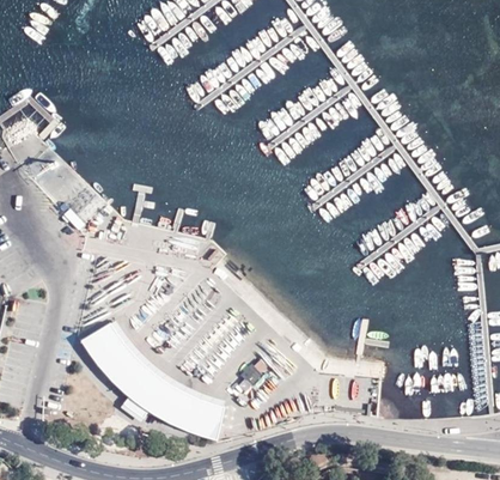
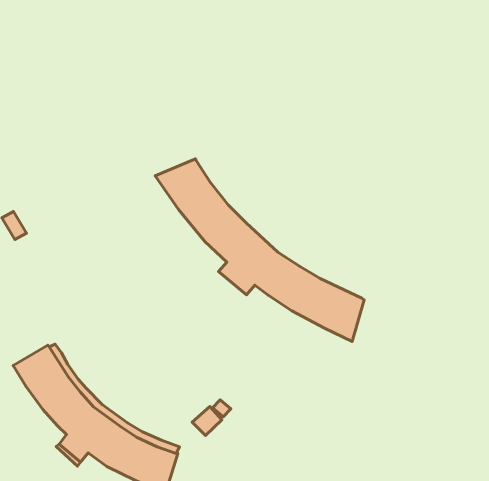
building: none -> [155,159,364,341]

